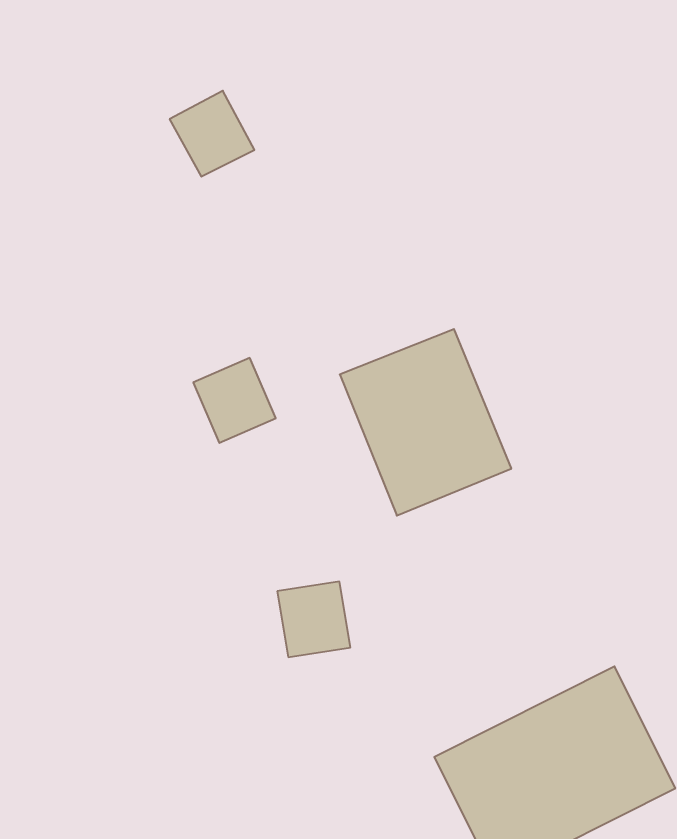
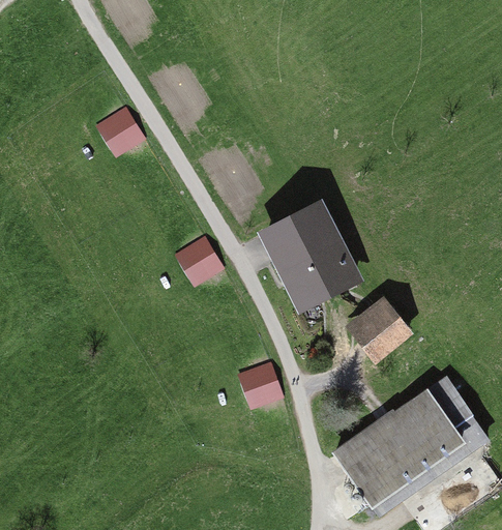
building: [170,91,254,177] -> [93,101,144,152]
building: none -> [343,294,411,363]

